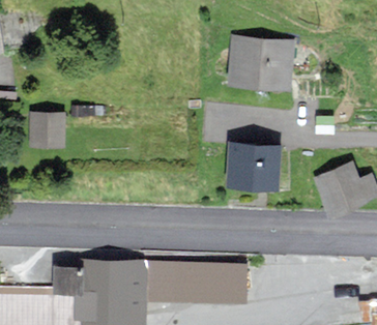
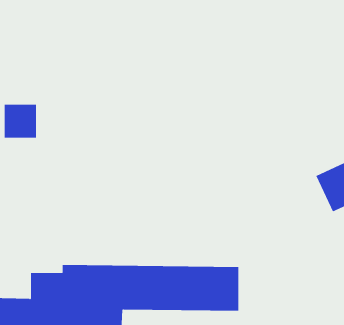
building: [230,39,291,86] -> none
building: [228,145,278,184] -> none

